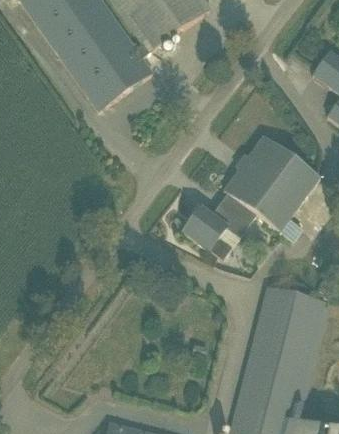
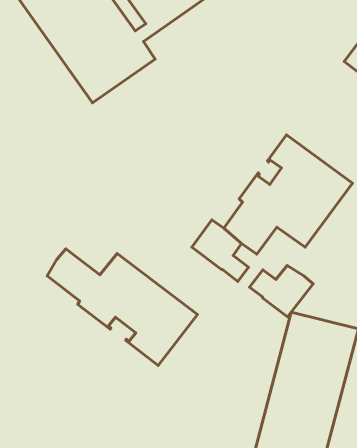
building: none -> [47,249,197,365]
building: none -> [250,266,313,317]

